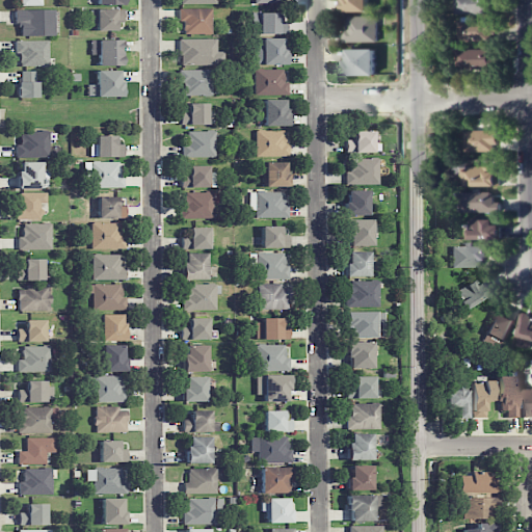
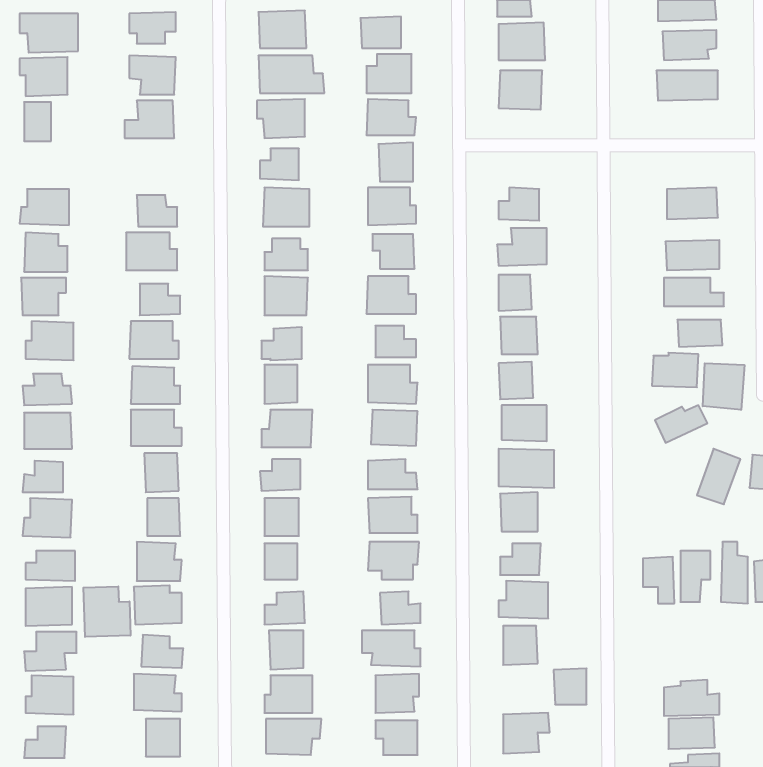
building: none -> [703,363,744,410]
building: none -> [83,586,130,637]
building: [351,464,374,489] -> [554,668,587,704]

